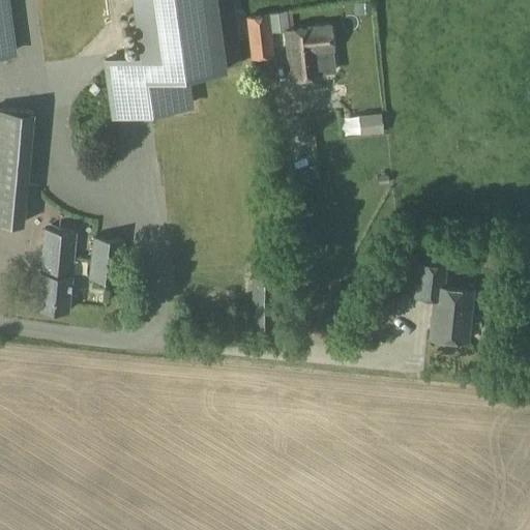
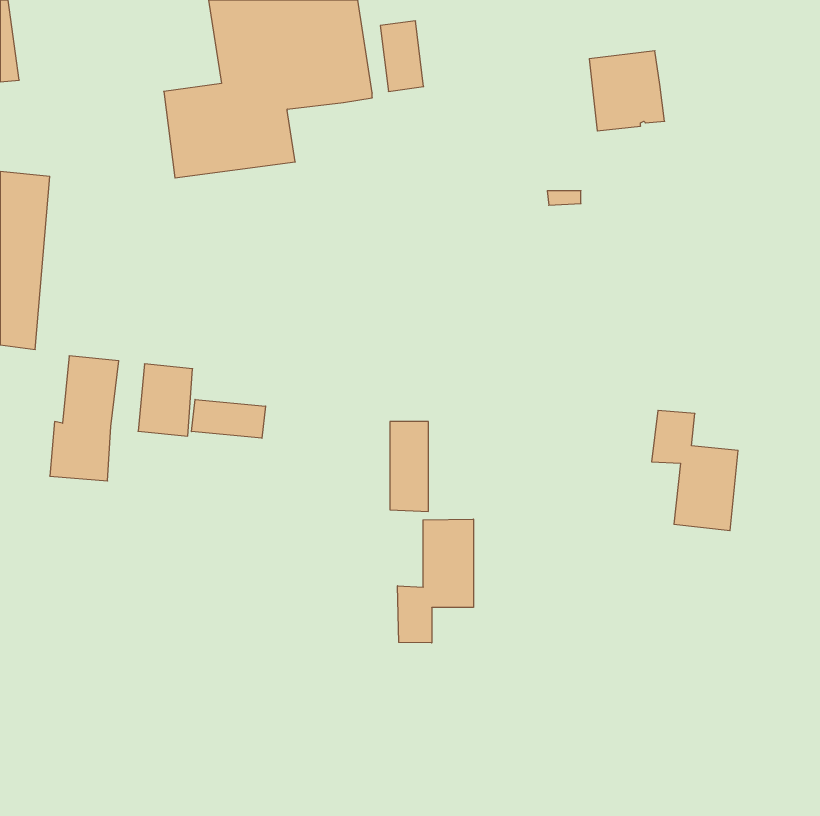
building: [287,28,335,80] -> [589,51,665,131]
building: none -> [191,399,266,438]
building: none -> [398,519,473,643]

